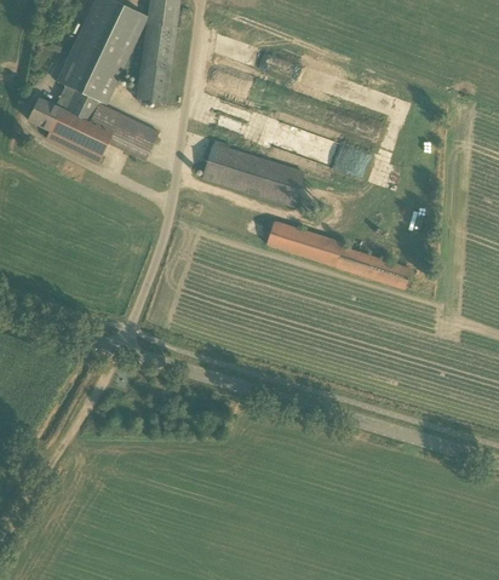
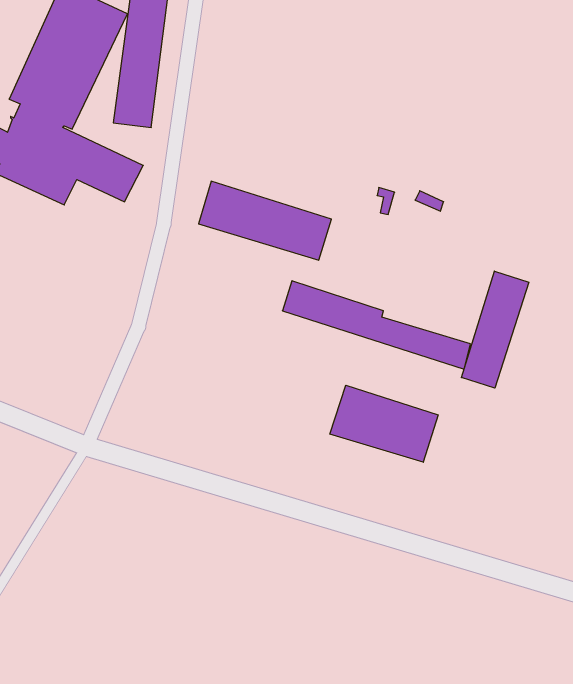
building: none -> [461,271,529,388]
building: none -> [330,385,438,462]

